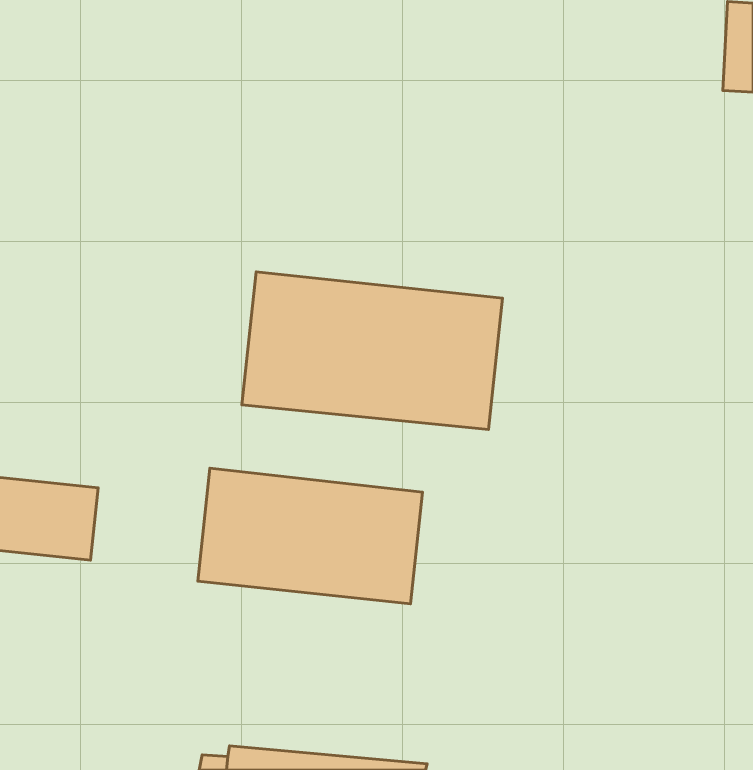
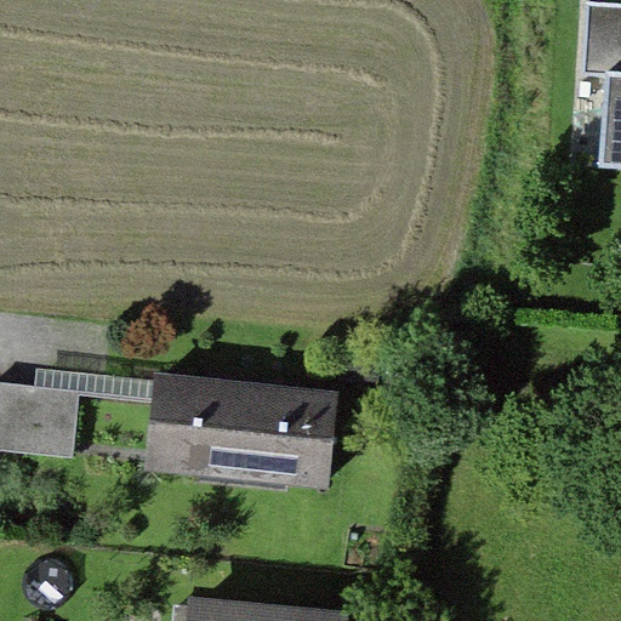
building: [242,272,502,430] -> none

